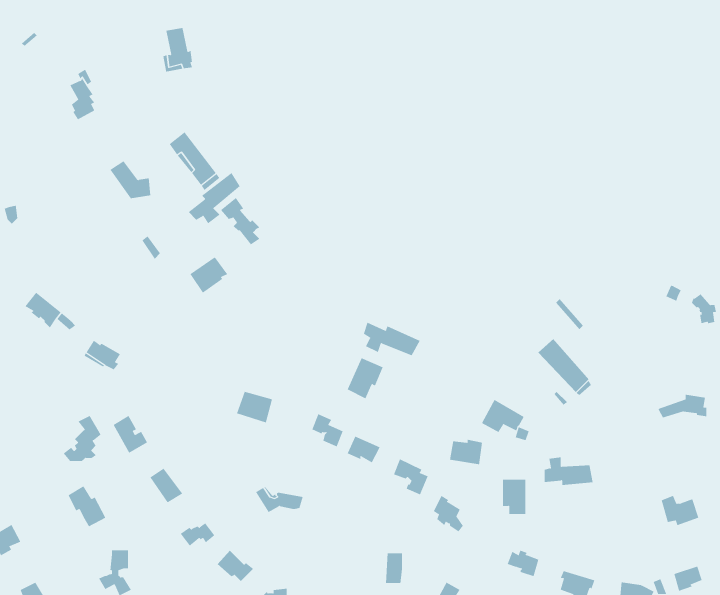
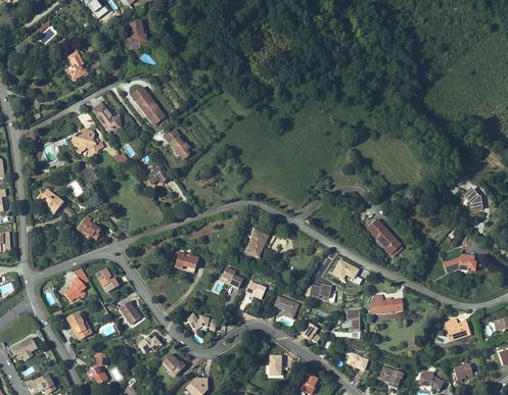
building: [188,172,241,224] -> none
building: none -> [67,129,103,156]
building: [363,322,421,356] -> none

